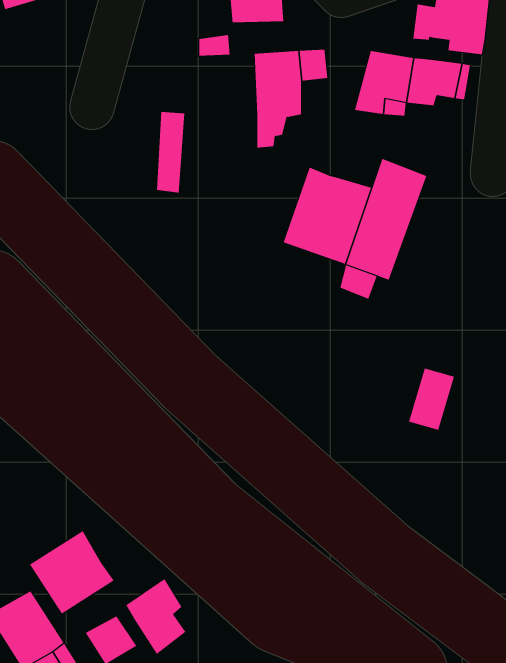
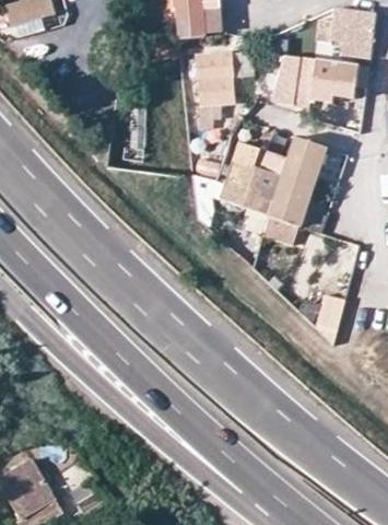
building: [29,530,114,615] -> none
building: [125,578,186,655] -> none

